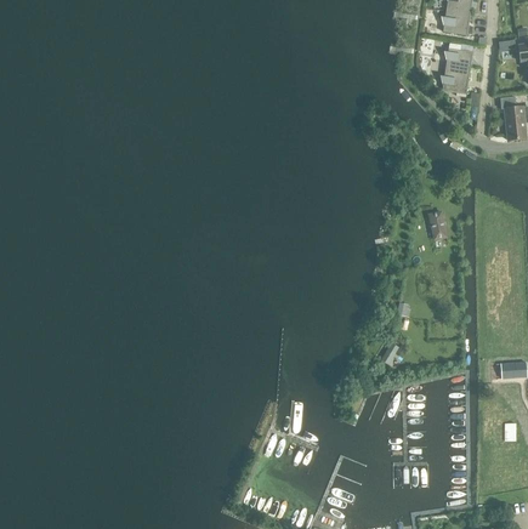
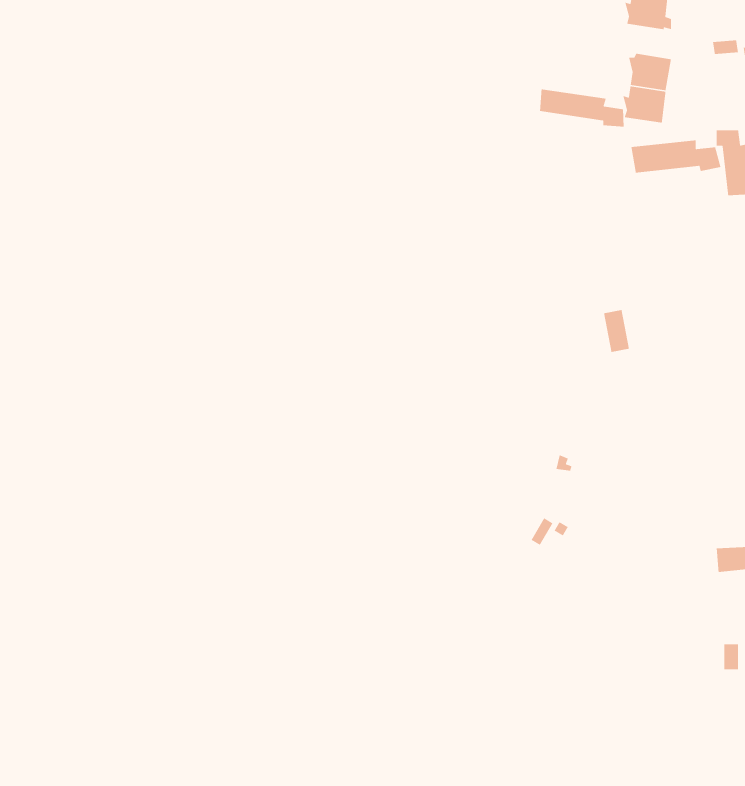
building: none -> [539,88,624,127]
building: none -> [631,139,722,173]

